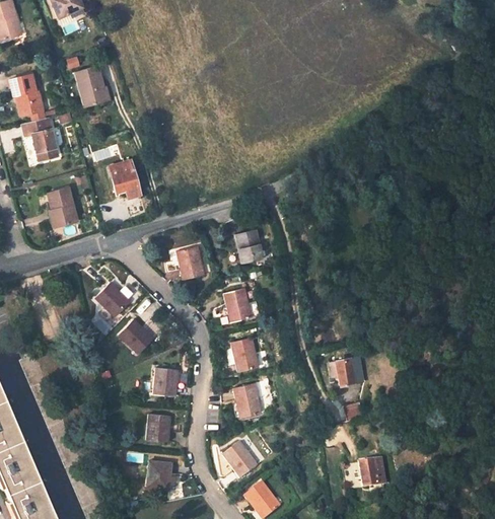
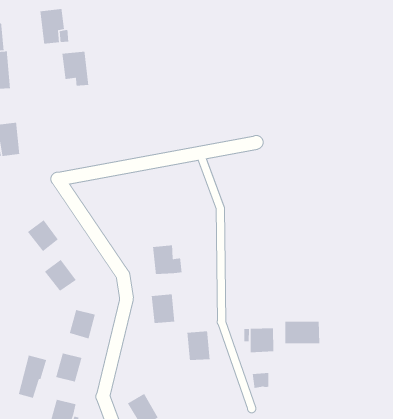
building: [109,160,141,198] -> [62,51,89,87]
building: [235,229,263,264] -> none
building: [178,246,204,280] -> none
building: none -> [285,321,320,344]
building: [233,383,262,417] -> [186,330,211,361]
building: none -> [18,354,47,399]

